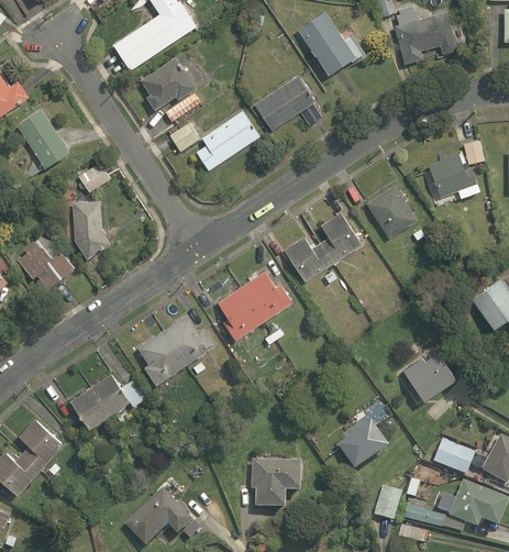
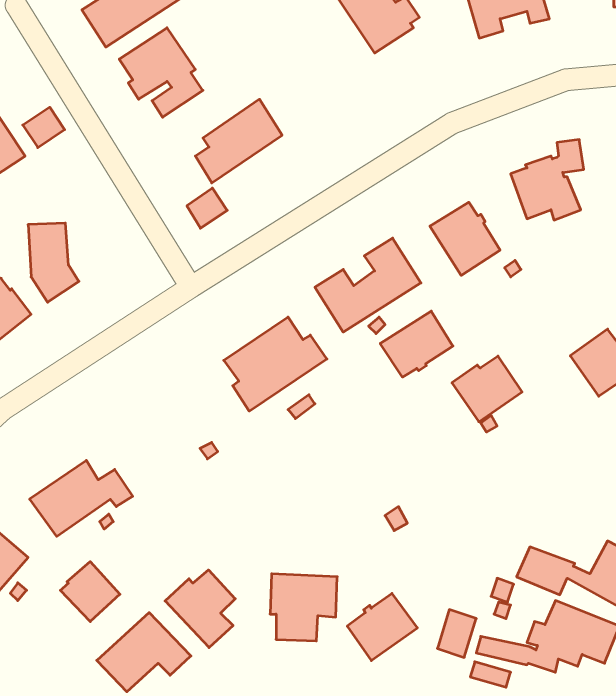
building: [254,76,321,131] -> none
building: [169,122,199,152] -> [187,188,227,228]
building: [79,163,110,192] -> [23,107,65,148]
building: none -> [380,311,453,377]
building: [140,317,217,386] -> none
building: [403,352,455,400] -> [452,356,522,422]
building: [338,421,389,471] -> [347,593,417,661]
building: none -> [60,562,120,622]
building: none -> [165,570,235,648]

